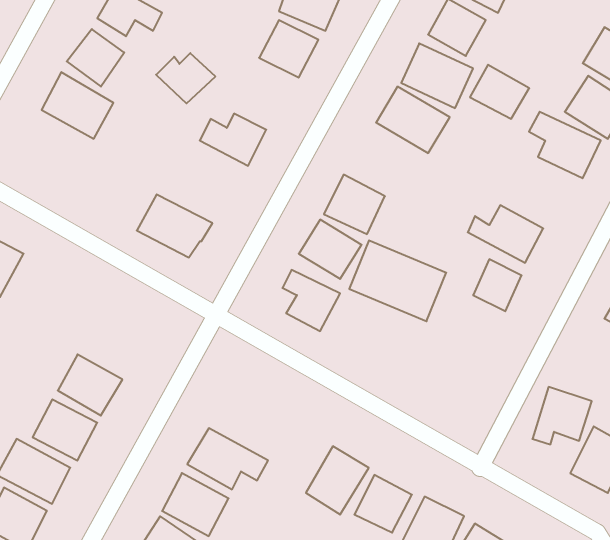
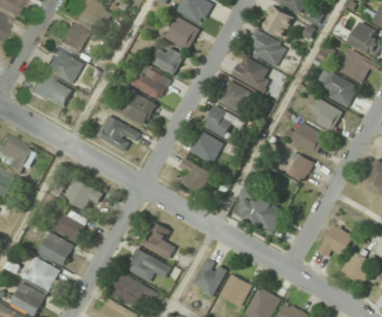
building: [156,53,215,103] -> [151,46,185,74]
building: [470,65,529,119] -> [308,99,341,129]
building: none -> [28,72,72,111]
building: none -> [217,80,256,116]
building: none -> [121,91,155,127]
building: [349,240,446,321] -> [231,188,285,234]
building: none -> [65,180,103,209]
building: none -> [143,223,176,259]

